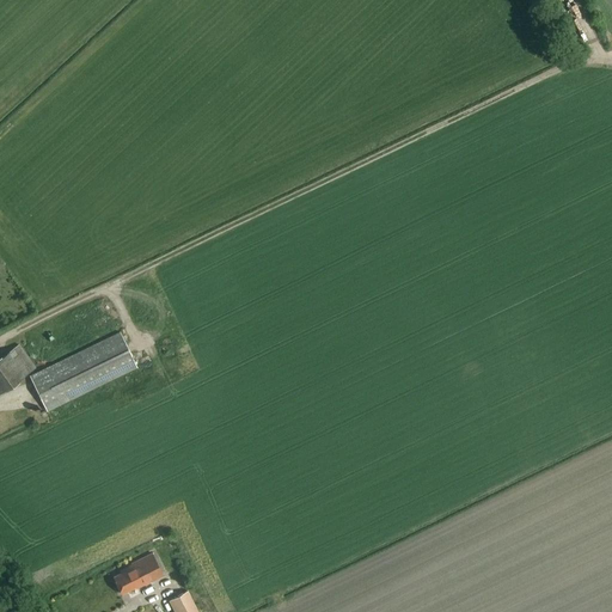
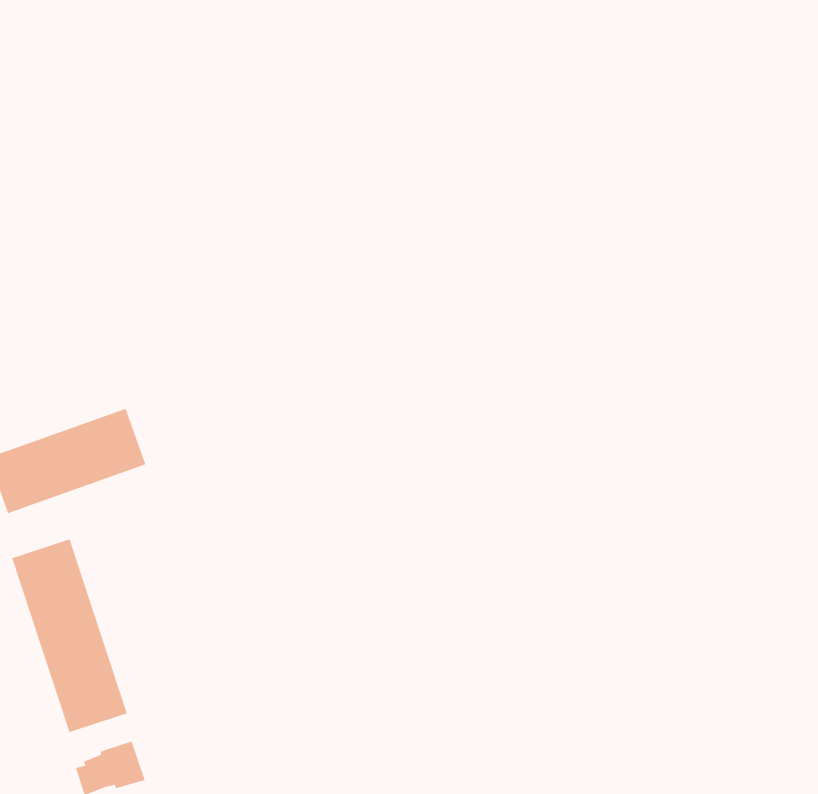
building: none -> [11,538,128,733]

